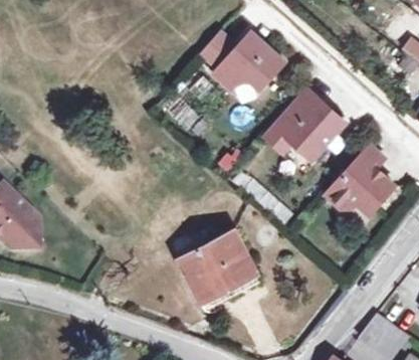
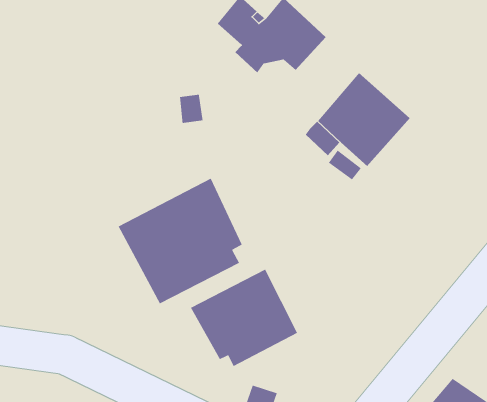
building: [326,143,394,212] -> none
building: none -> [118,178,243,304]

